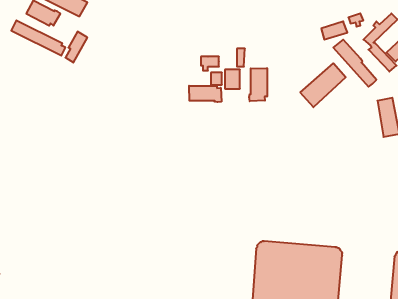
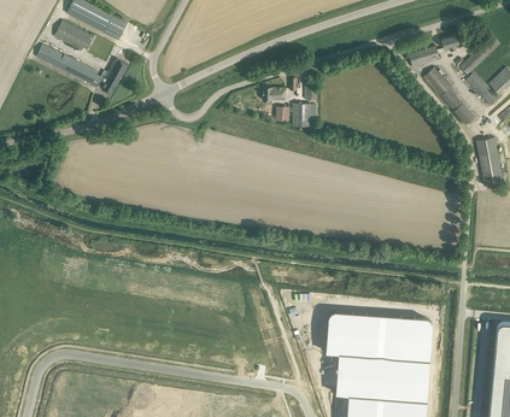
building: [300,63,346,107] -> none
building: [249,68,267,101] -> none
building: [189,86,221,102] -> none

